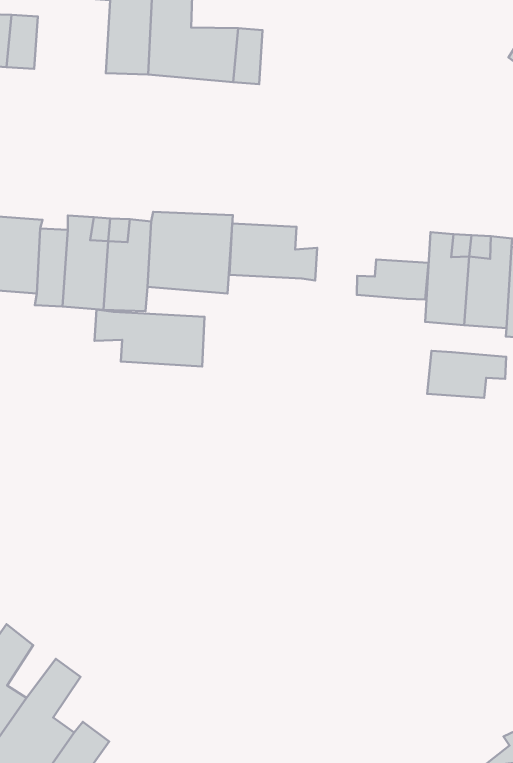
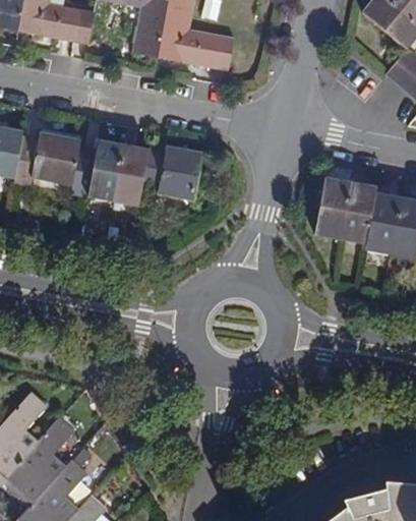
building: [230,224,317,281] -> none
building: [357,259,429,300] -> none
building: [95,309,205,366] -> none
building: [427,351,506,398] -> none

